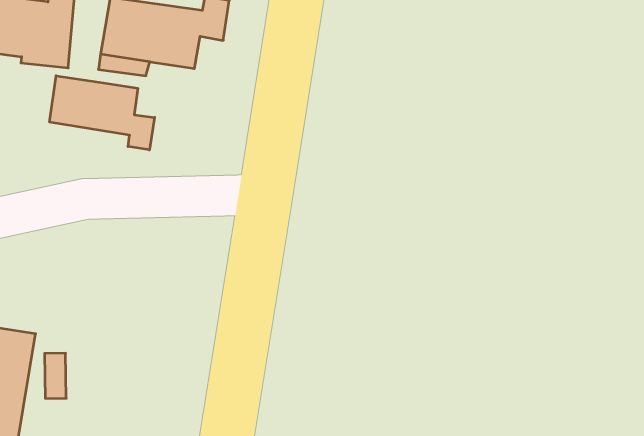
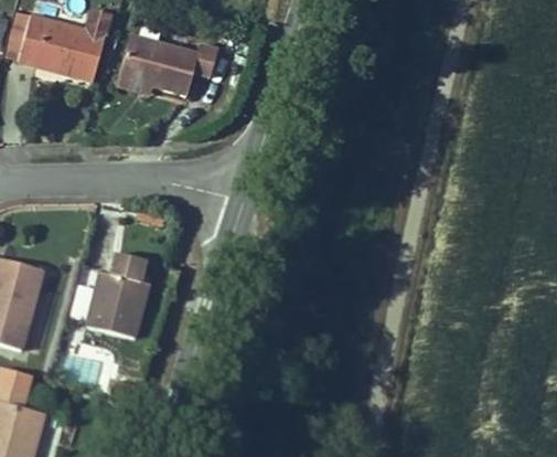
building: [50,76,155,150] -> none
building: none -> [93,255,158,341]

